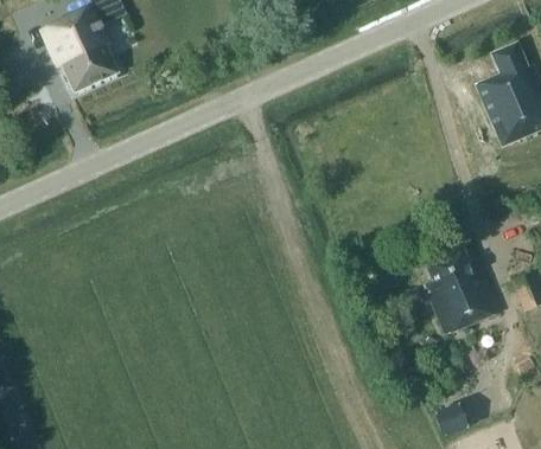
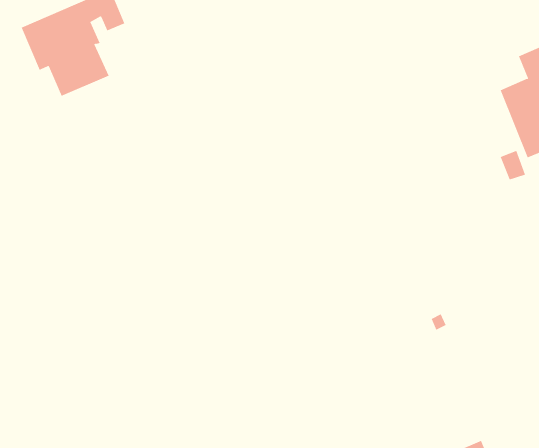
building: [424,250,498,335] -> none

